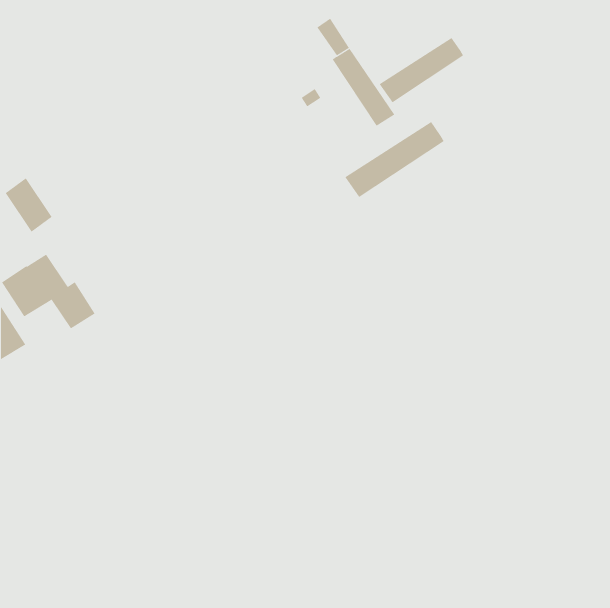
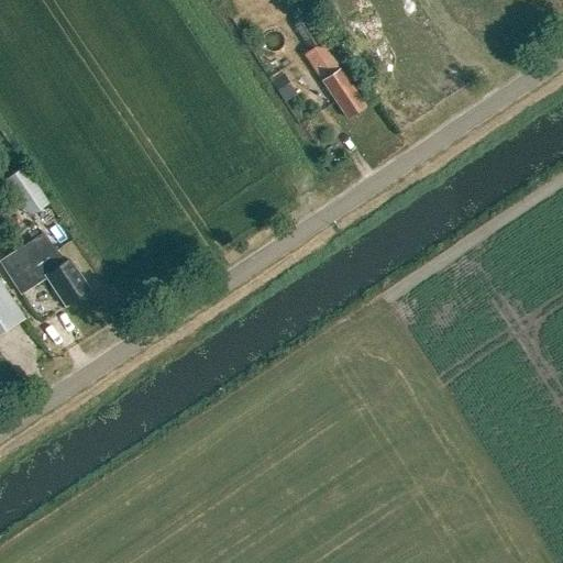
building: [379,37,464,103] -> none
building: [345,121,444,198] -> none

